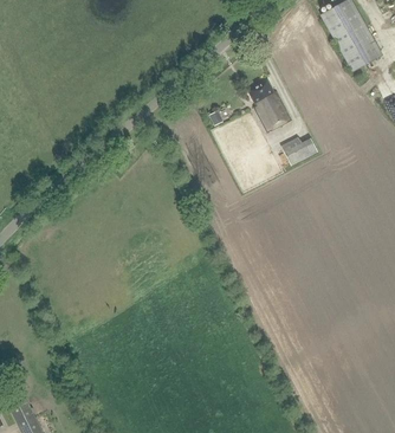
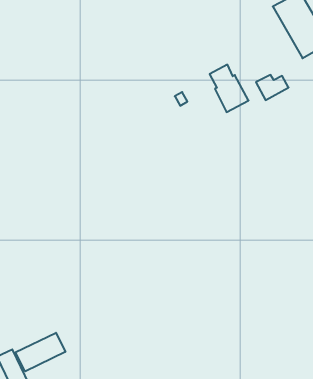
building: [281,137,318,166] -> [256,75,289,100]
building: none -> [16,333,65,371]

